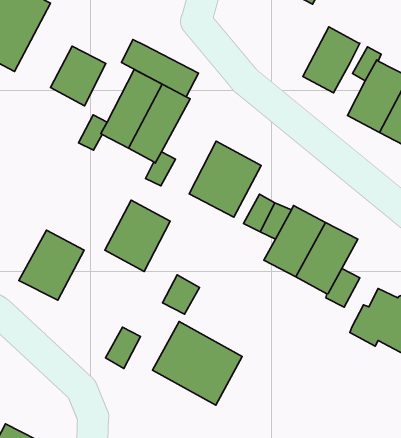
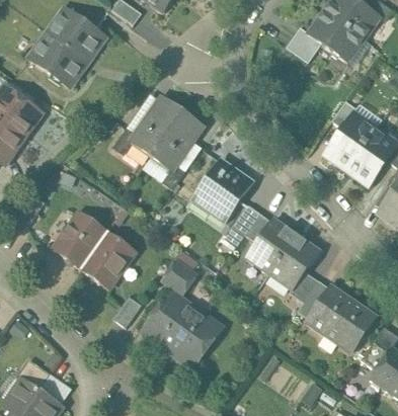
building: [303,27,360,93] -> none
building: [121,39,199,97] -> none
building: [50,46,106,106] -> none
building: [105,200,170,271] -> [81,231,135,287]
building: none -> [297,279,331,317]

